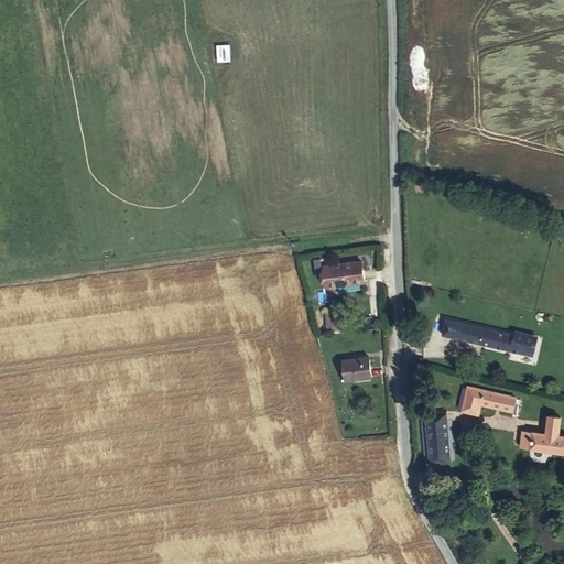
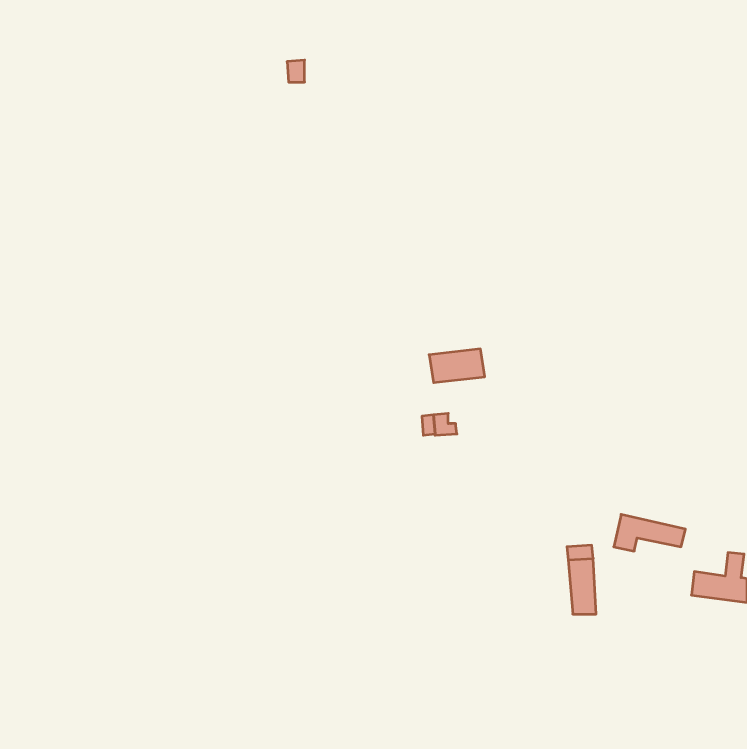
building: [442,319,528,354] -> none
building: [341,356,371,380] -> none

